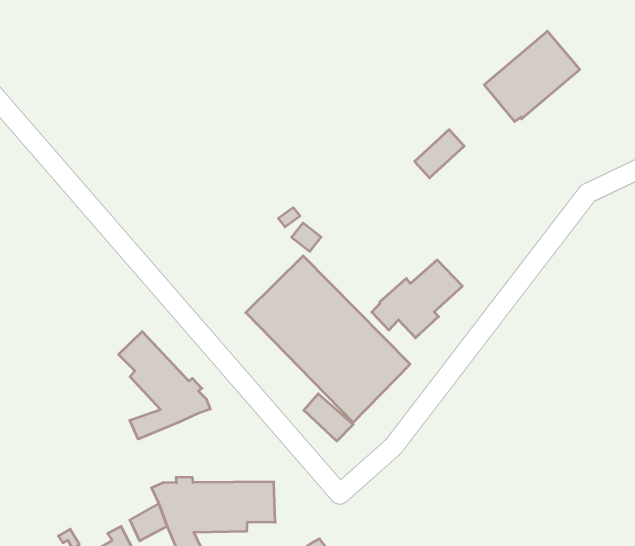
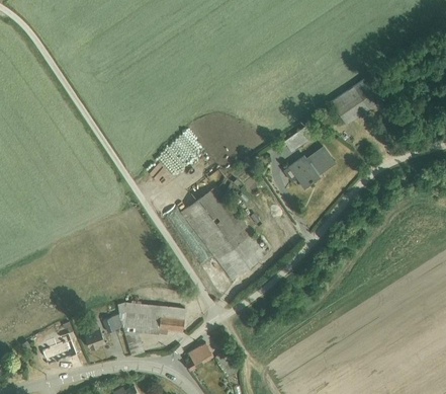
building: [372,260,462,338] -> [282,147,334,188]
building: [119,332,210,439] -> none

